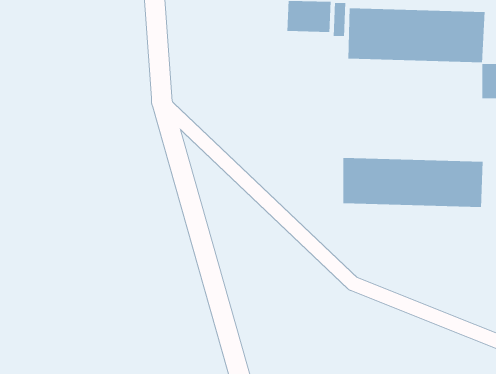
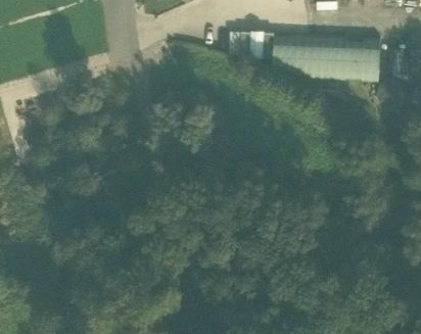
building: [342,157,483,208] -> none

